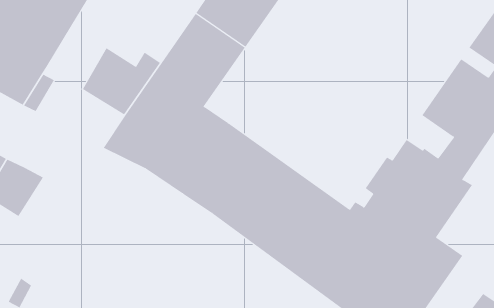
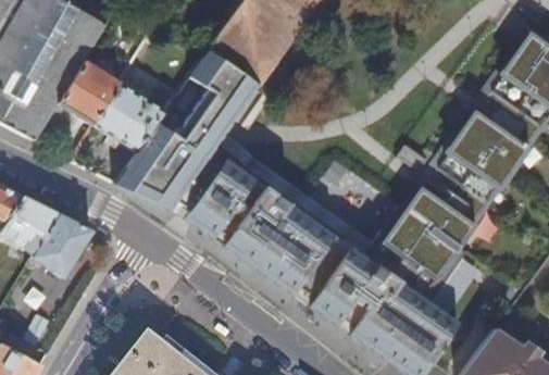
building: none -> [62,63,121,126]
building: none -> [27,214,91,275]

